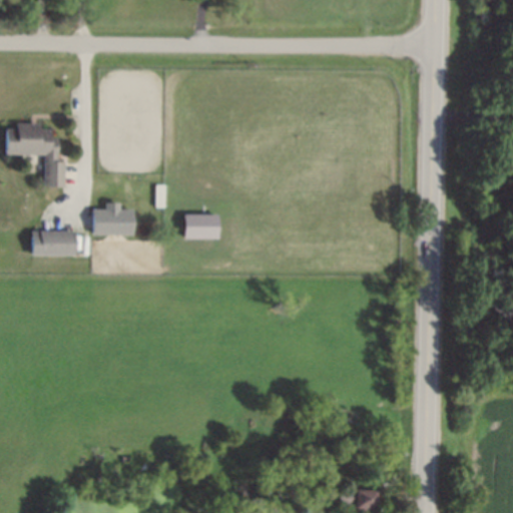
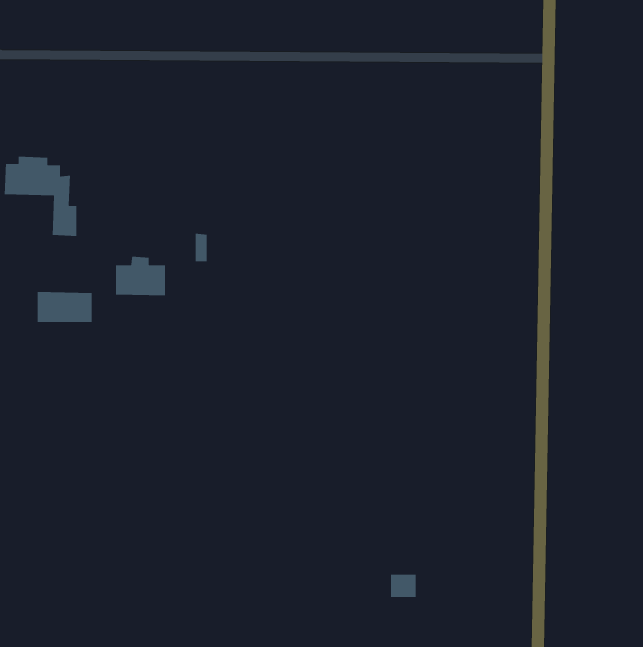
building: [185,213,219,238] -> none
building: [356,489,377,508] -> [390,574,417,598]

